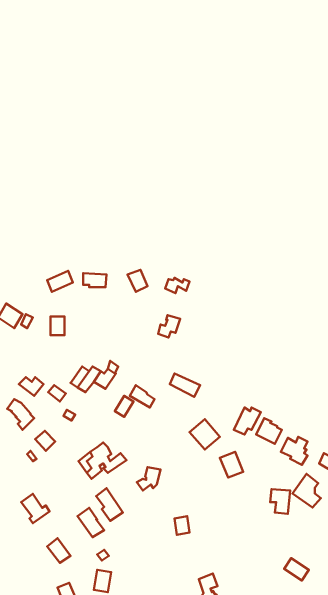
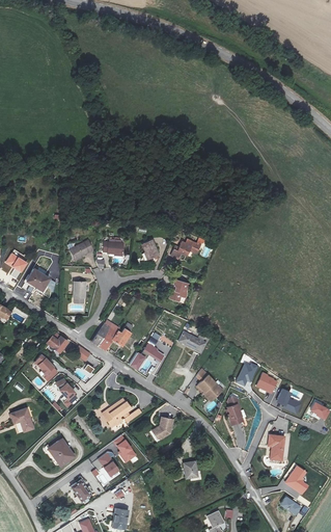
building: [293,474,321,508] -> [285,466,310,496]

